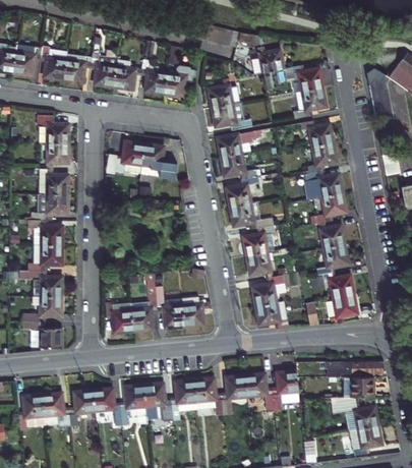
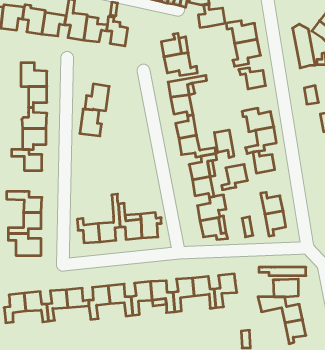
building: [163,73,191,97] -> none
building: [305,142,337,173] -> none
building: [139,143,166,176] -> [80,109,102,136]
building: none -> [214,130,234,158]
building: [316,244,348,275] -> [222,164,248,190]
building: [41,245,62,271] -> none

